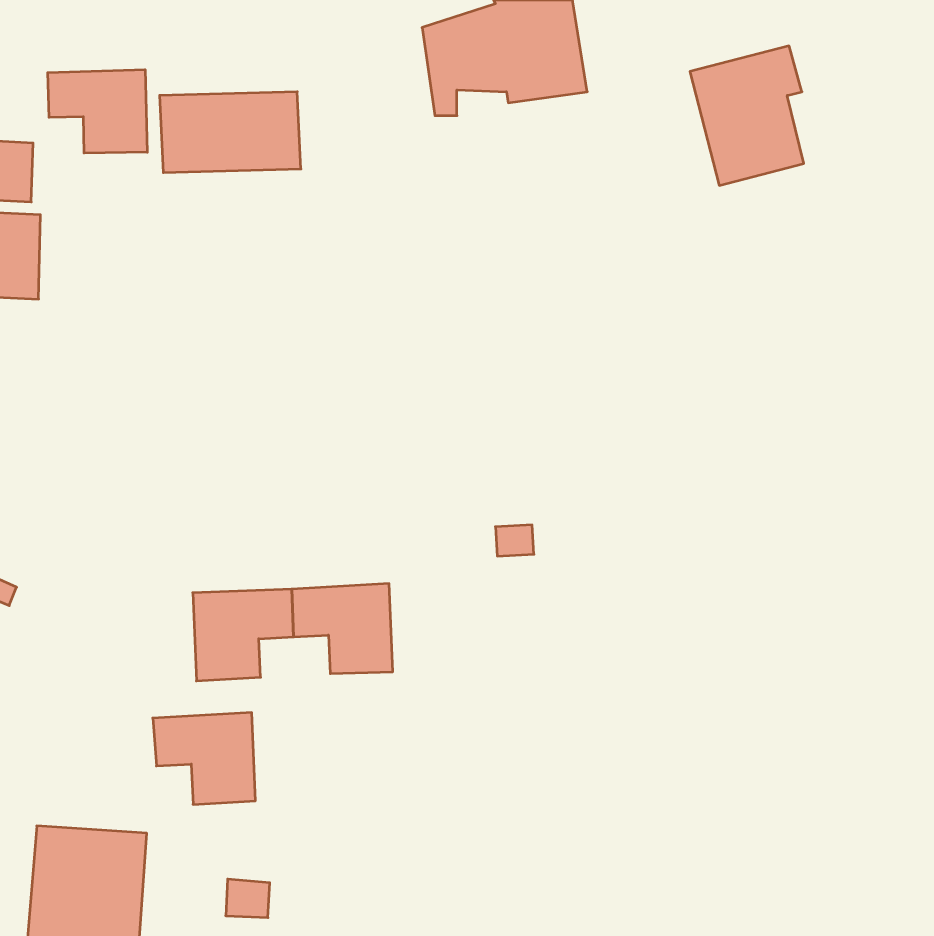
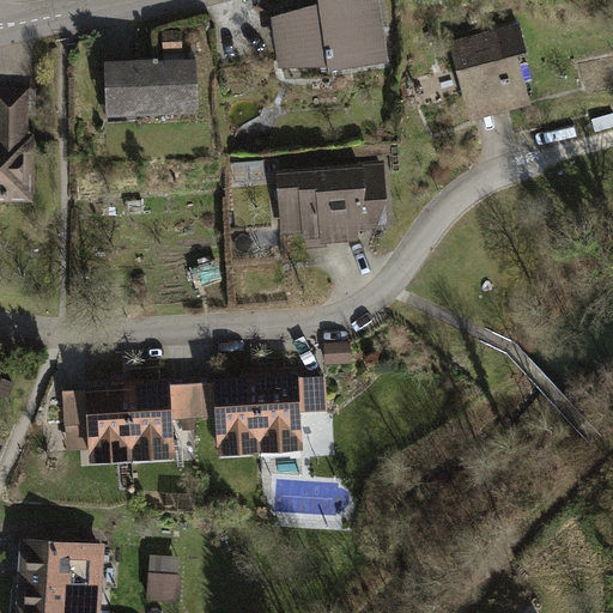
building: [48,70,147,153] -> none
building: none -> [283,165,381,235]
building: none -> [254,378,324,439]
building: [153,713,255,804] -> [61,388,128,448]

